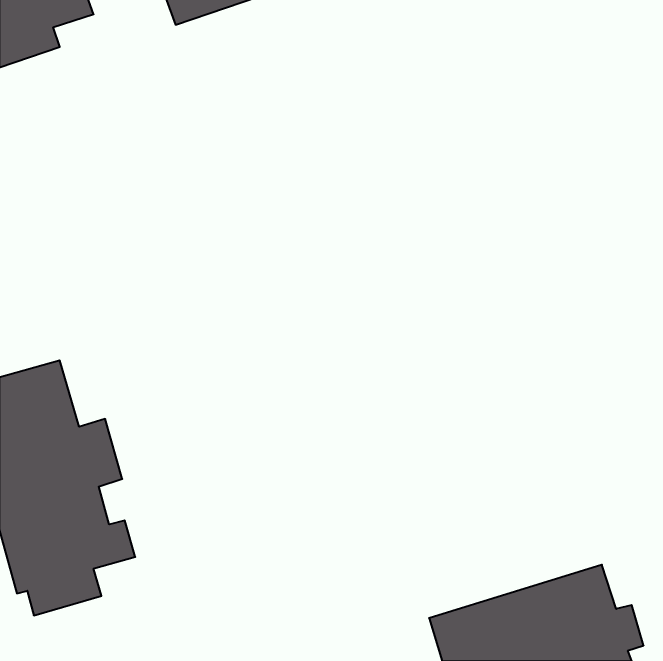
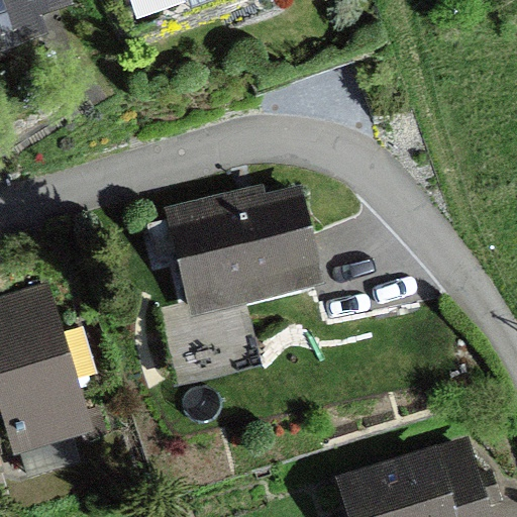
building: none -> [146,183,322,317]

